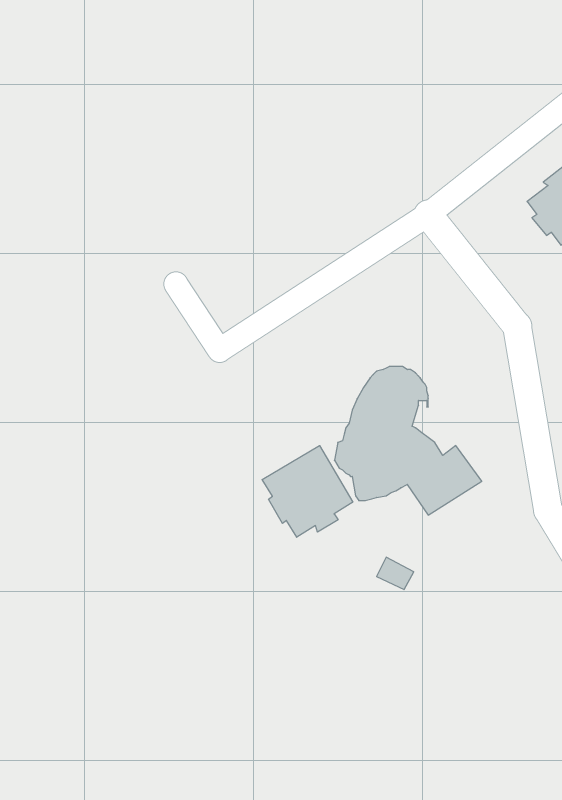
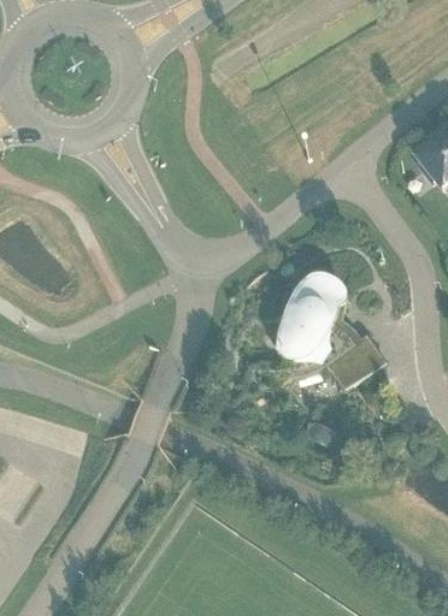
building: [262,446,353,537] -> none

